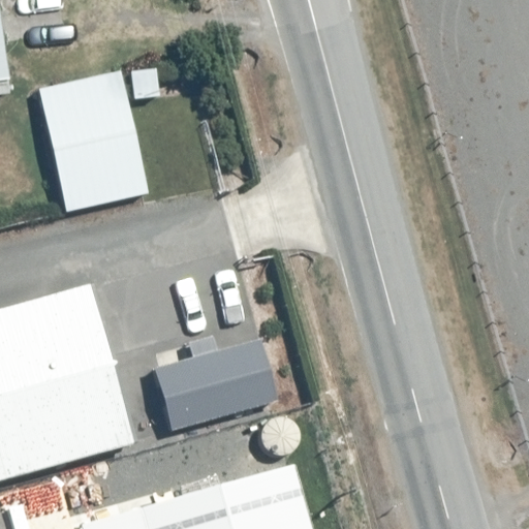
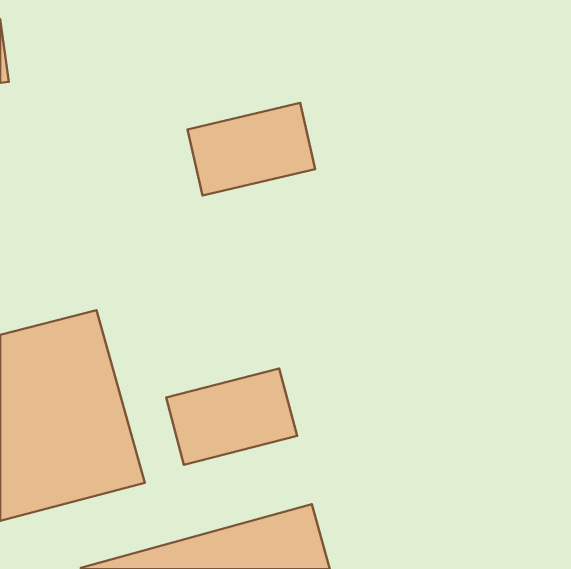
building: [37,70,150,215] -> none
building: none -> [188,103,315,196]

